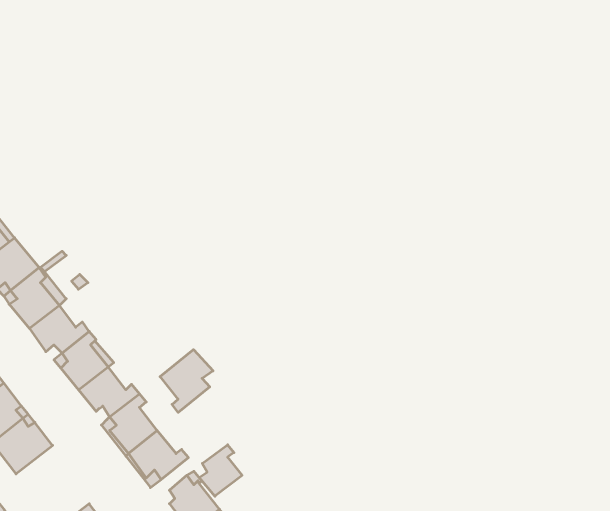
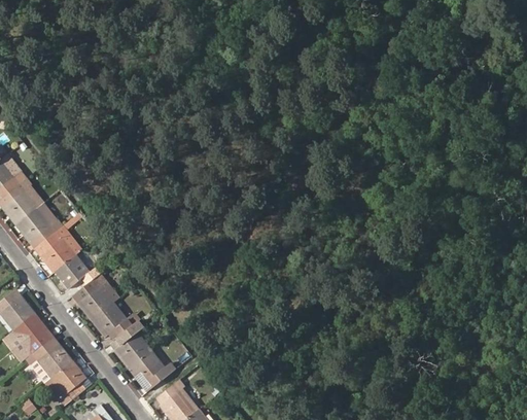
building: [160,350,213,412] -> none
building: [199,445,242,496] -> none
building: none -> [44,360,85,406]

